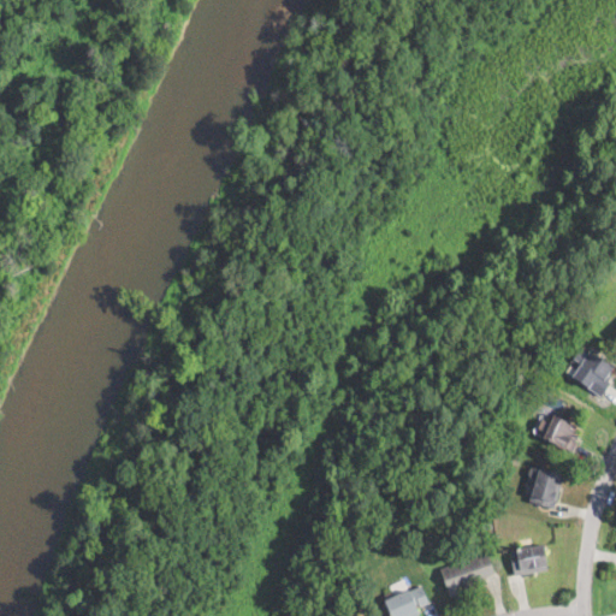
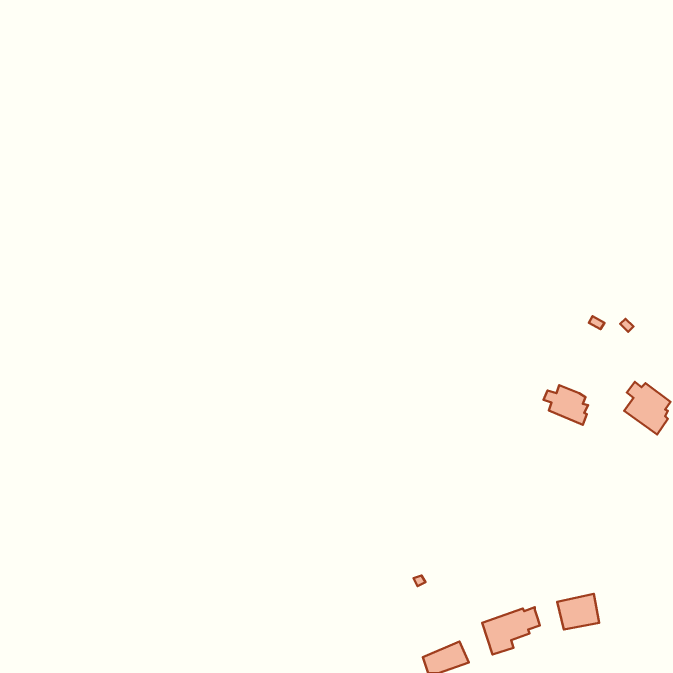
building: [537,415,578,451] -> [543,385,588,425]
building: [528,469,563,508] -> none

